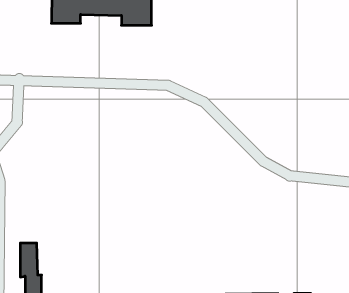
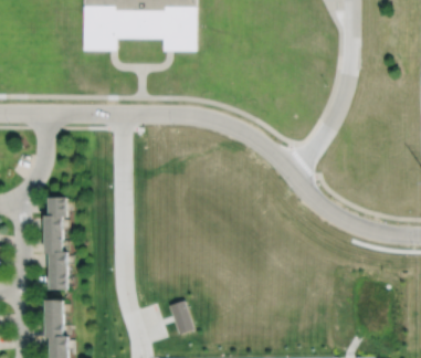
building: none -> [44,196,67,289]
building: none -> [169,298,194,334]

